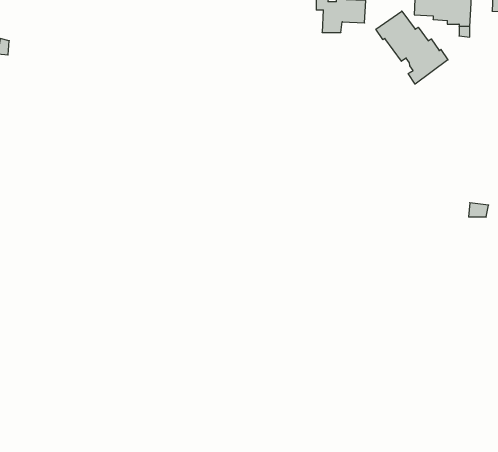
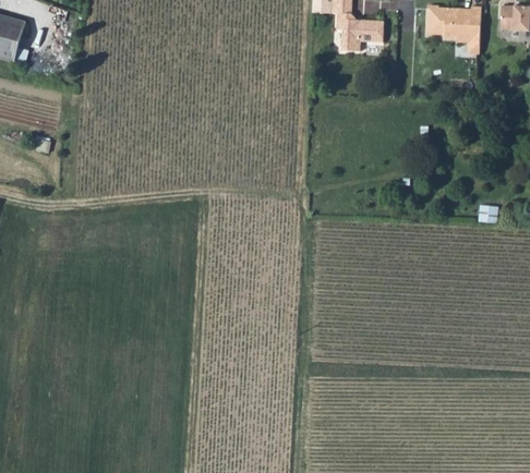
building: [376,11,448,84] -> none

